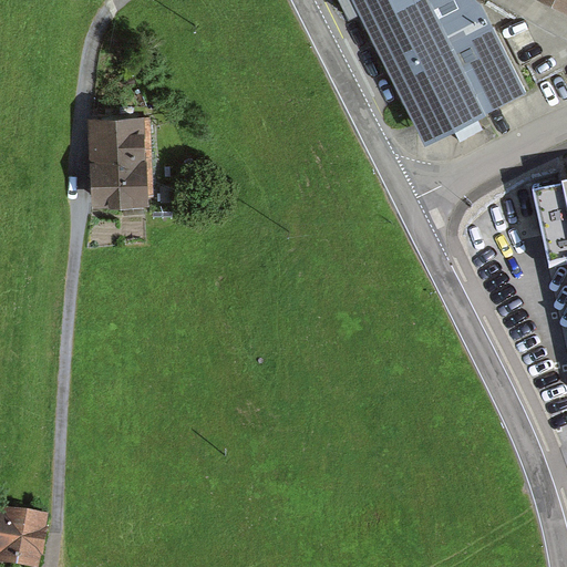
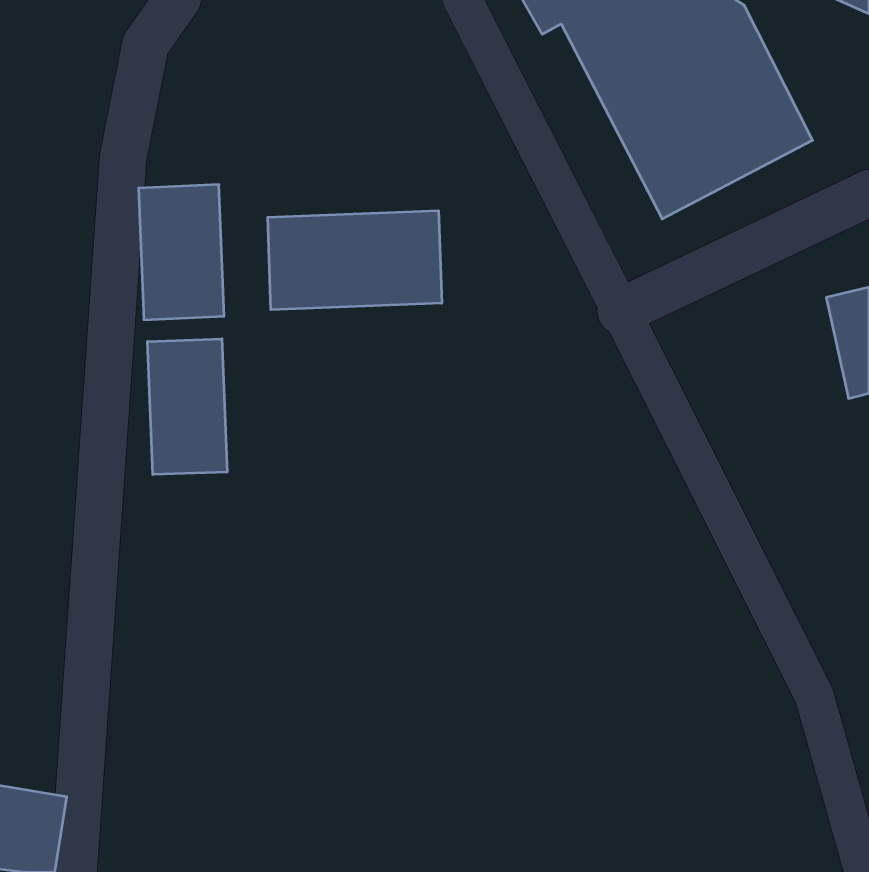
building: none -> [268,211,442,310]
building: none -> [148,339,227,475]

